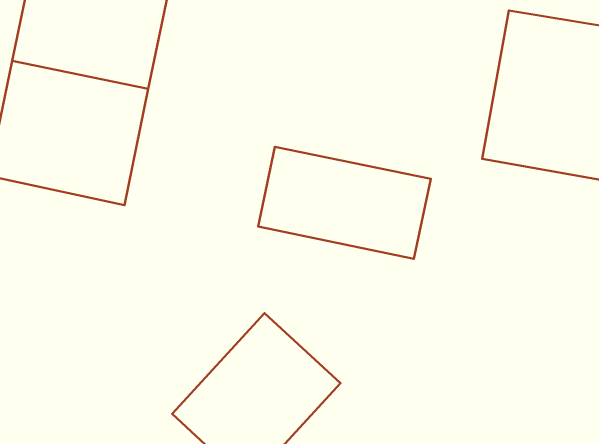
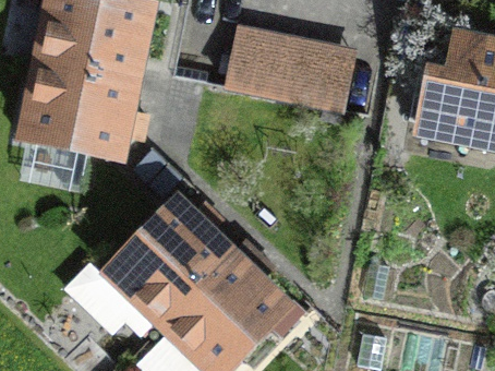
building: [258,147,431,259] -> [228,29,362,117]
building: none -> [104,201,231,330]

